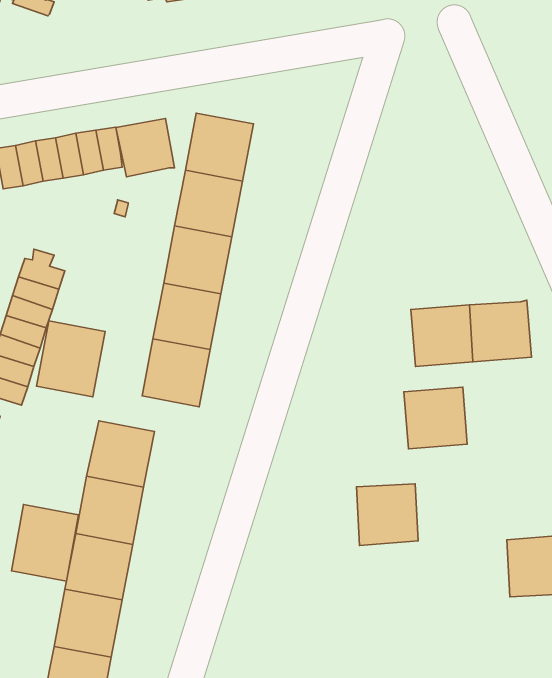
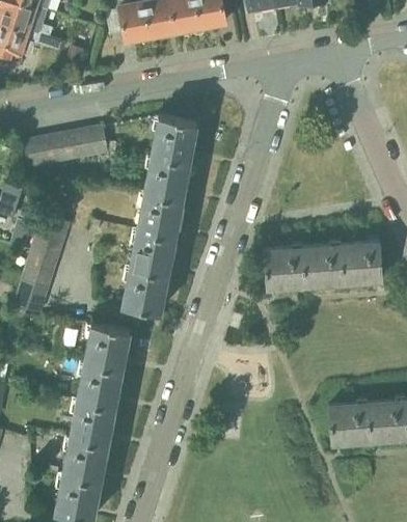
building: [116,118,175,177] -> none
building: [36,321,105,397] -> none
building: [404,387,467,449] -> [263,248,305,290]
building: [356,484,418,546] -> [327,403,369,444]
building: [11,505,79,581] -> none

